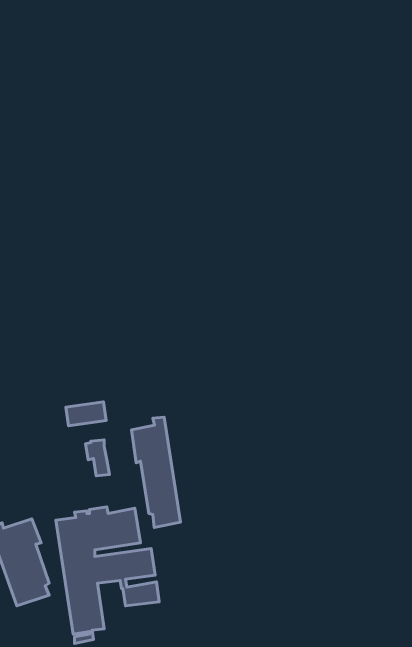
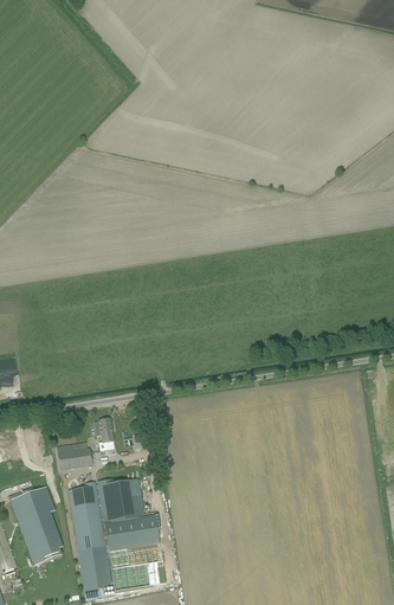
building: [66,402,106,426] -> [57,448,92,469]
building: [132,417,180,527] -> none

